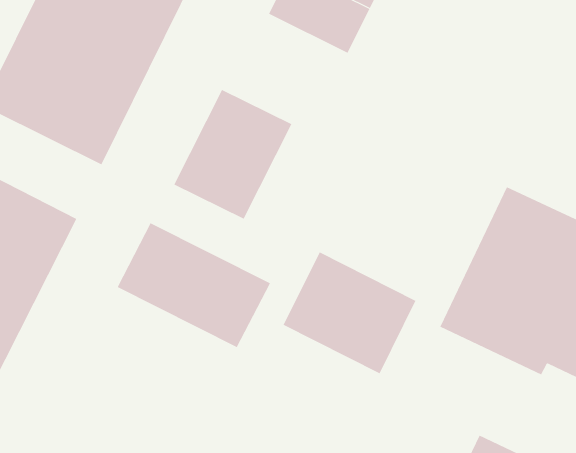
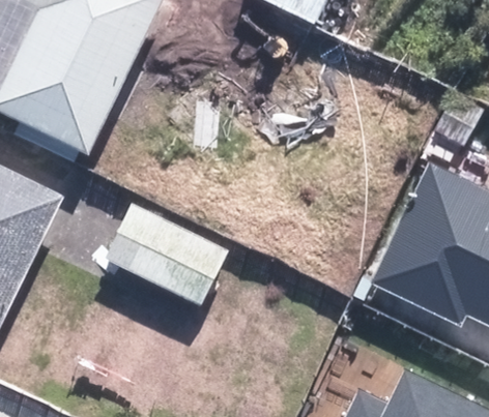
building: [174,89,292,220] -> none
building: [283,251,416,374] -> none

